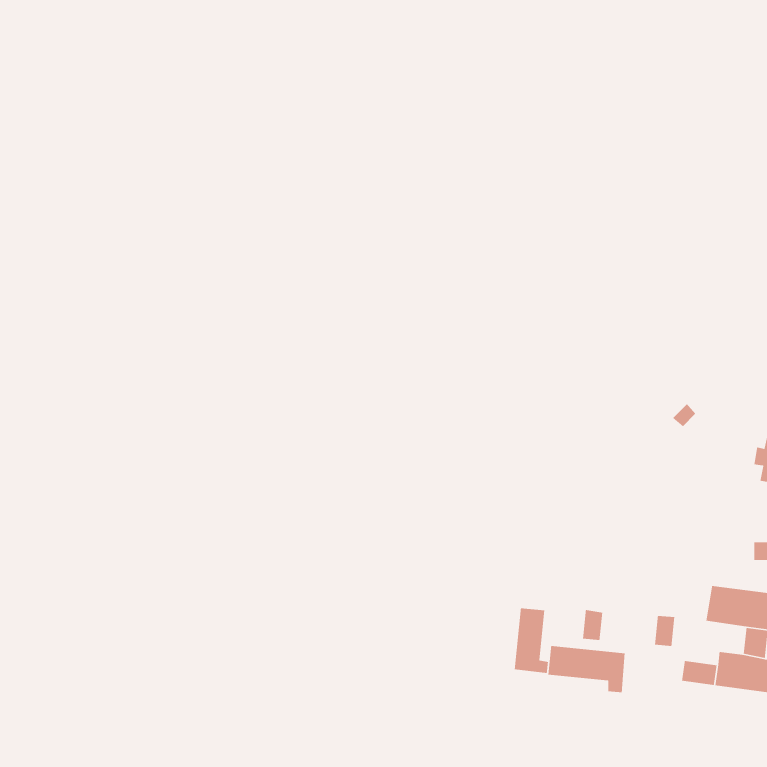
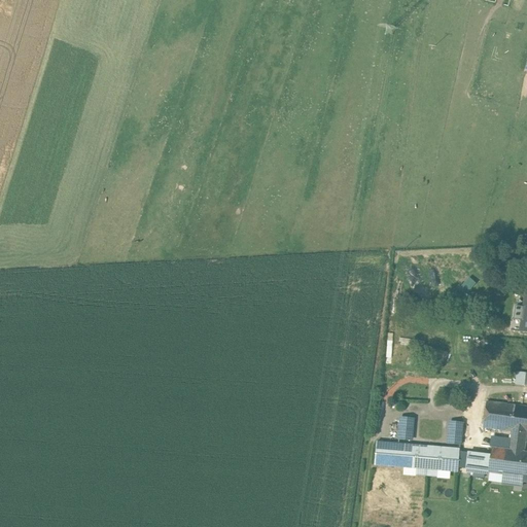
building: [514,607,549,674] -> none
building: none -> [427,447,461,476]

